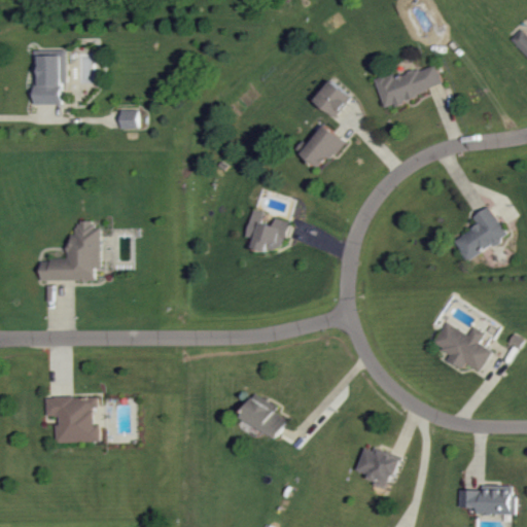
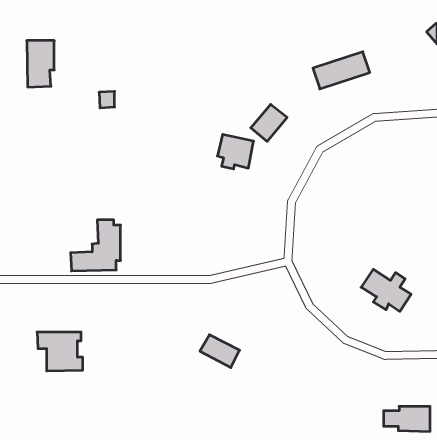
building: [313,80,350,116] -> none
building: [453,206,506,261] -> none
building: [245,211,288,252] -> [217,134,254,169]
building: [39,220,99,281] -> [71,220,121,271]
building: [356,446,399,494] -> none

